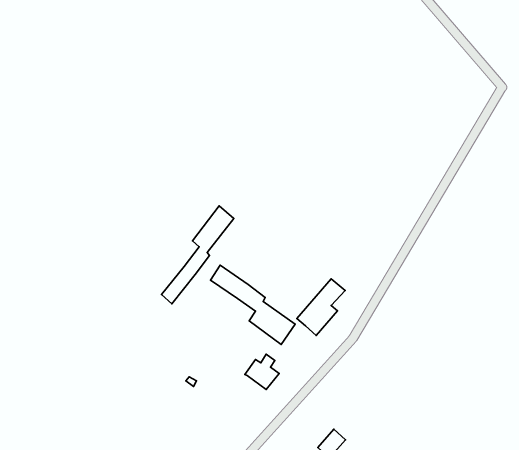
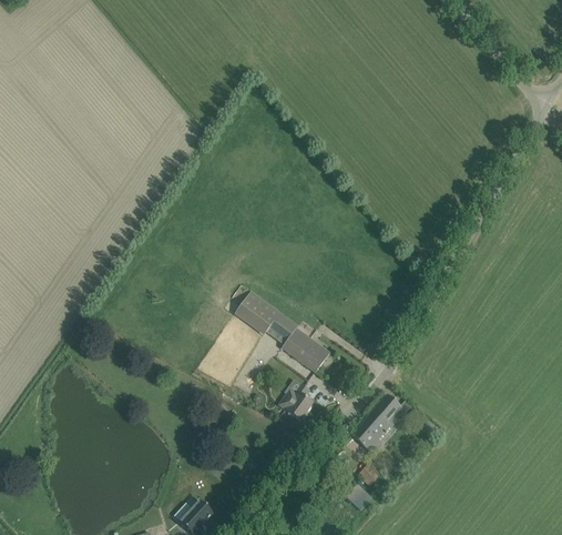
building: [162,206,234,304] -> none
building: [297,279,345,336] -> [351,394,401,453]

